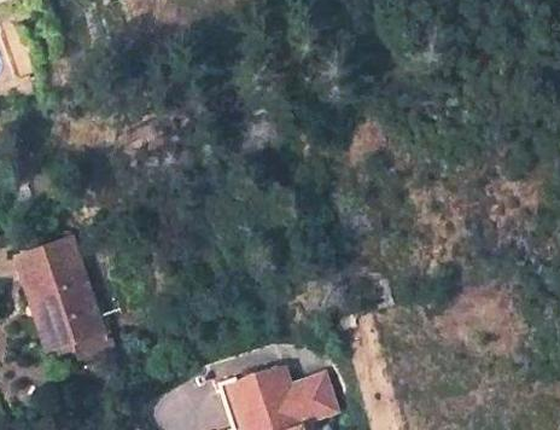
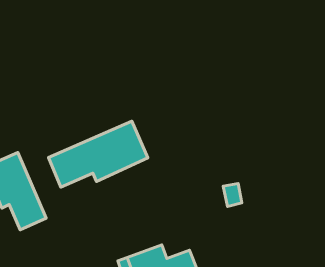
building: none -> [49,121,148,187]

